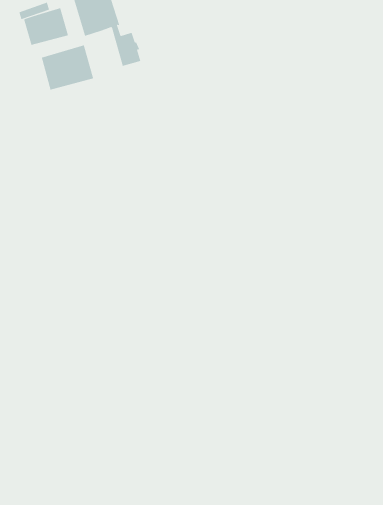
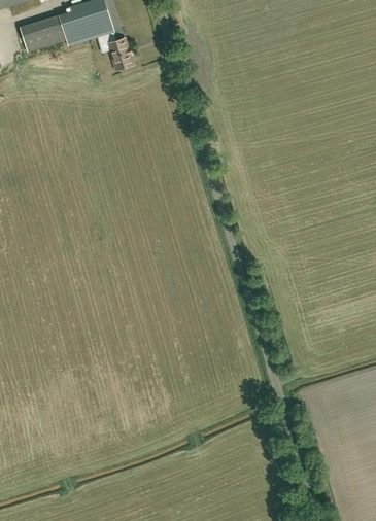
building: [41,44,94,90] -> none

